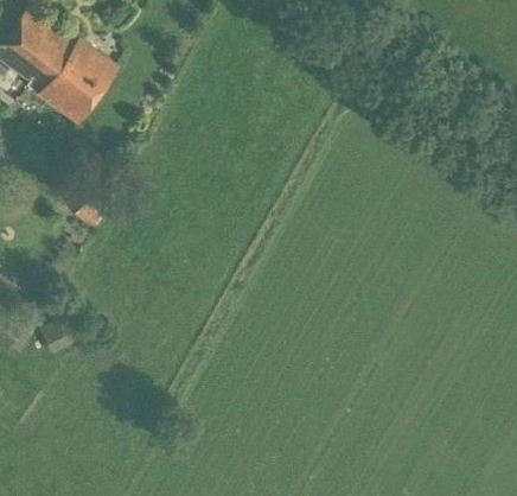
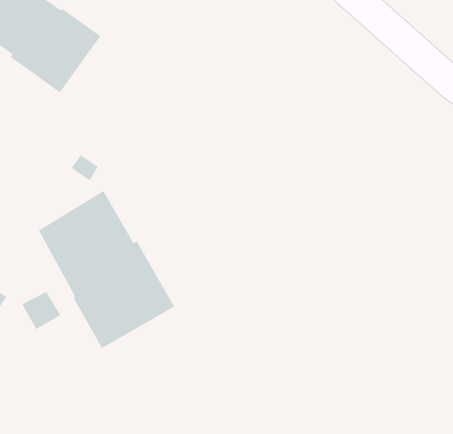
building: none -> [38,190,175,349]

